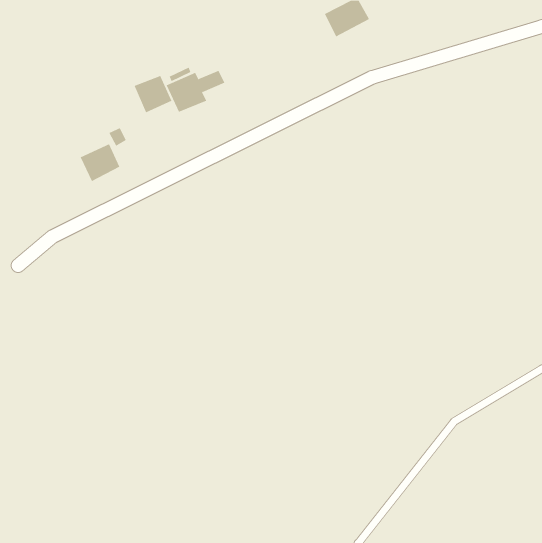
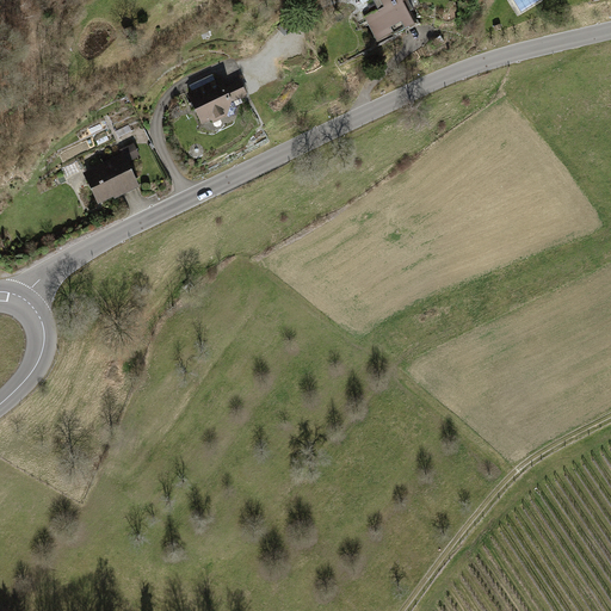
building: [134,75,172,113] -> none

